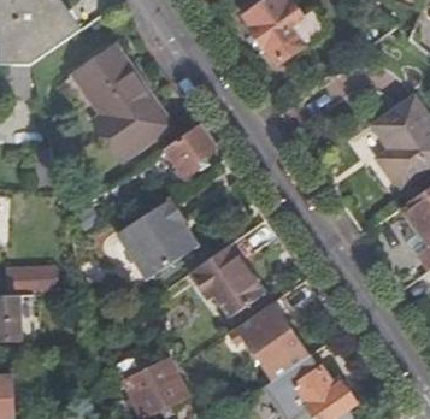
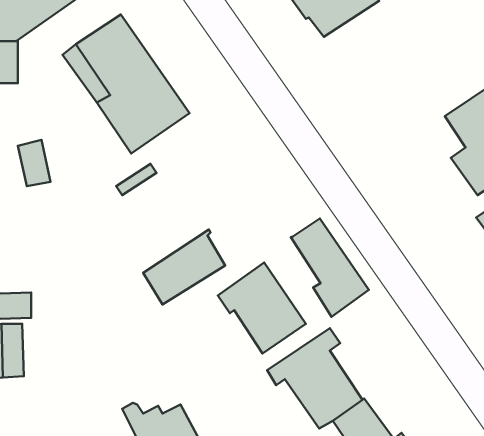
building: [164,123,216,175] -> none
building: [118,197,185,252] -> none
building: none -> [291,219,369,317]

